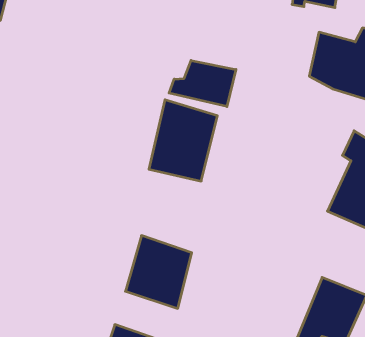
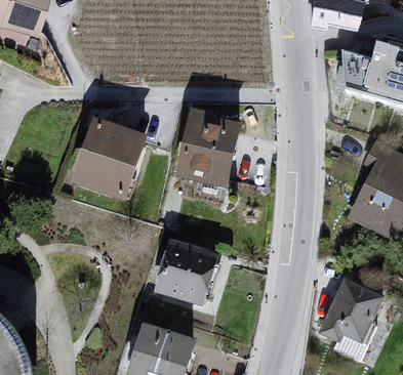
building: [169,60,236,107] -> none
building: none -> [74,116,149,200]

